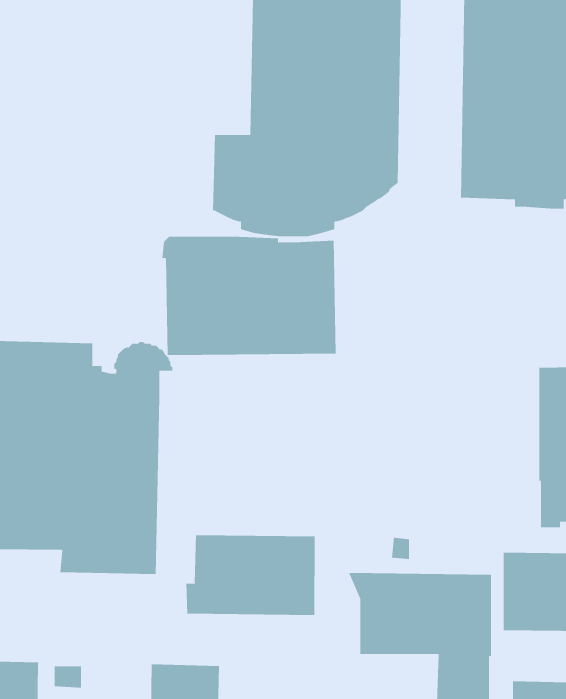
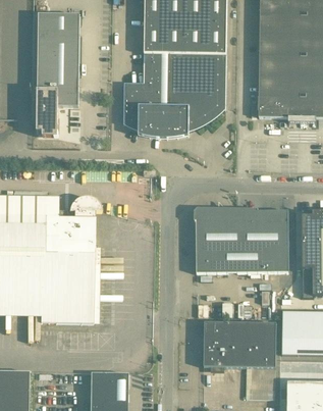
building: none -> [37,12,80,136]
building: [161,236,337,356] -> [194,207,289,272]
building: [186,535,315,616] -> none

